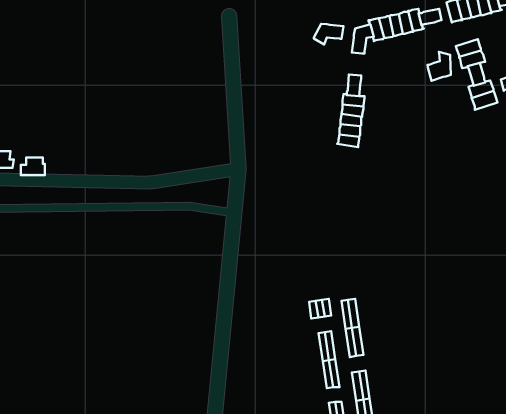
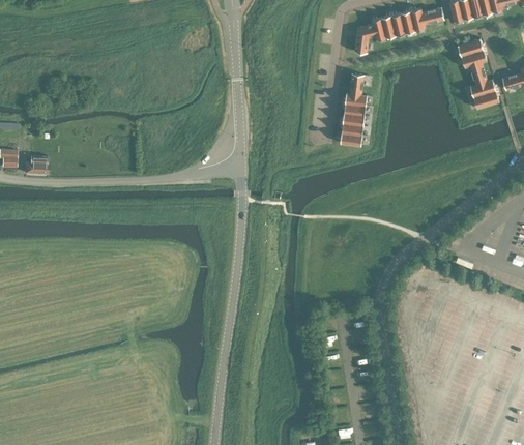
building: [314,24,343,45] -> none
building: [427,52,451,81] -> none

